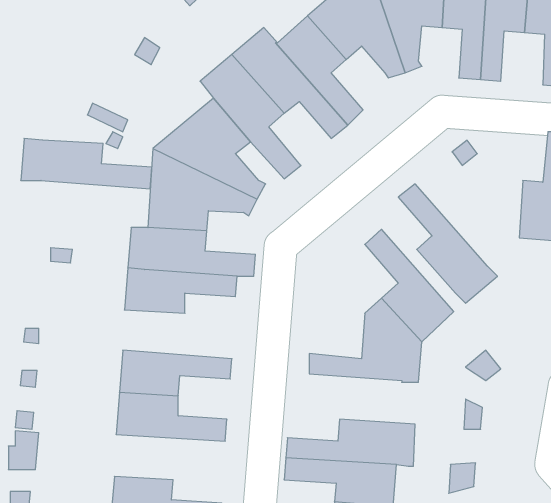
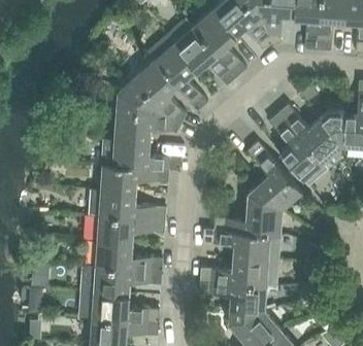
building: [21,138,152,189] -> [87,191,167,221]
building: none -> [278,105,344,165]
building: none -> [202,231,280,262]
building: none -> [80,267,162,296]

